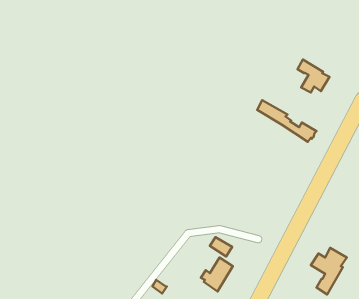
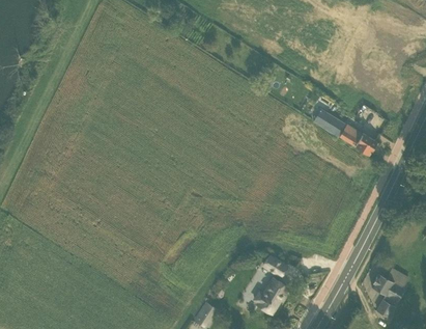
building: [298,59,329,92] -> none

